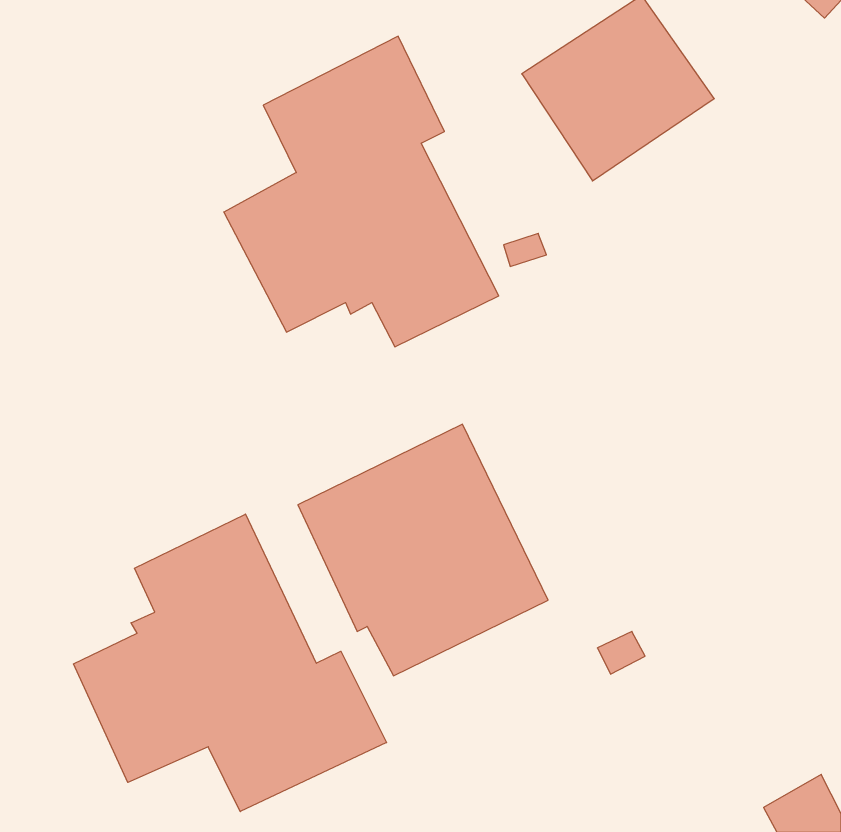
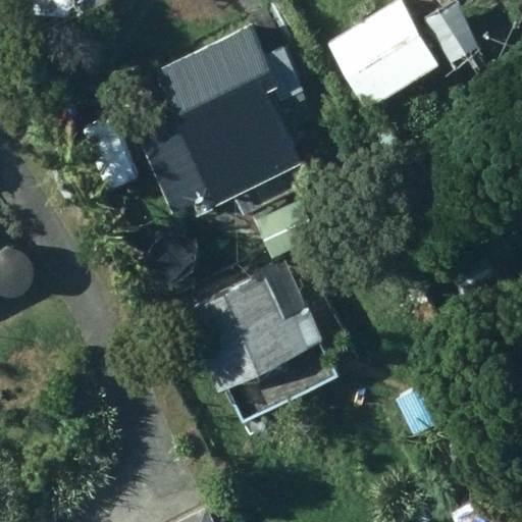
building: [73,514,387,812] -> none

